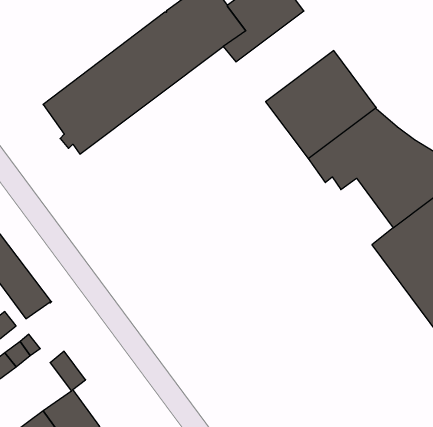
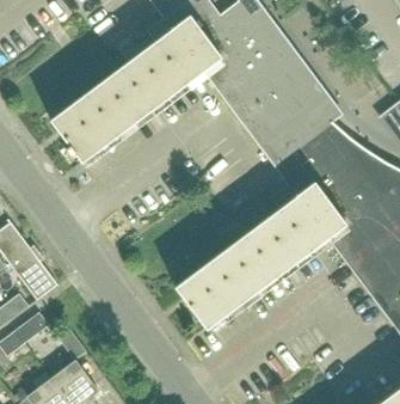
building: none -> [214,39,296,116]
building: none -> [176,180,346,328]

